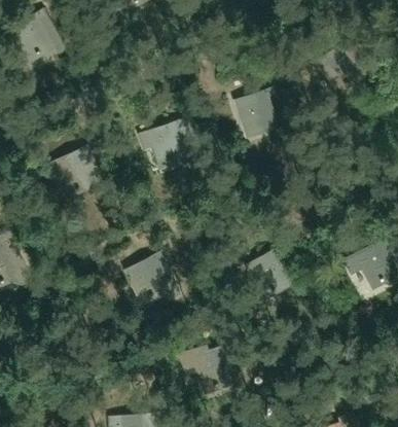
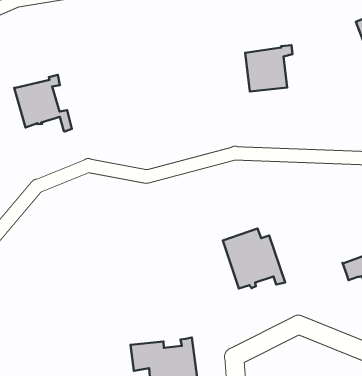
building: [145,121,185,166] -> none
building: [126,256,167,301] -> none

